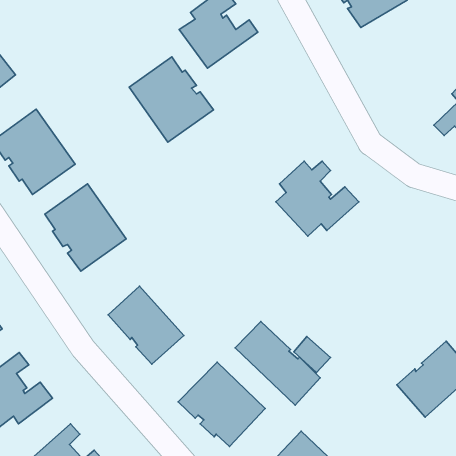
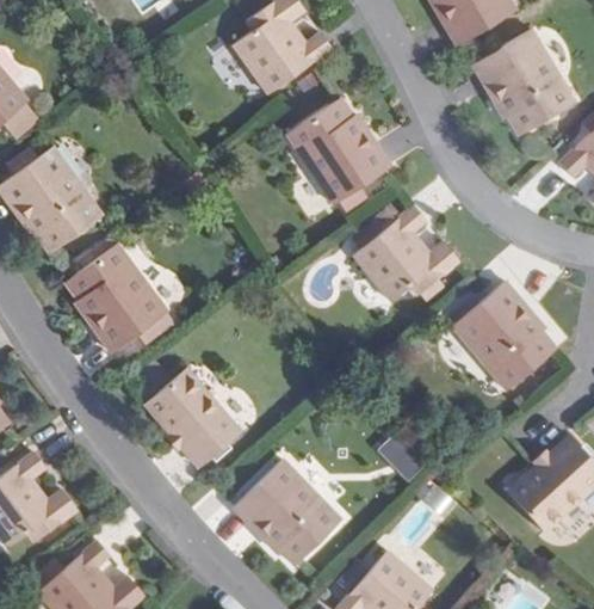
building: none -> [464,31,568,137]
building: [129,57,213,142] -> [286,99,392,207]
building: none -> [446,284,551,395]
building: [235,321,320,405] -> none

